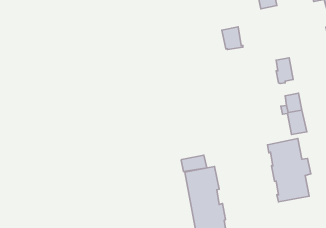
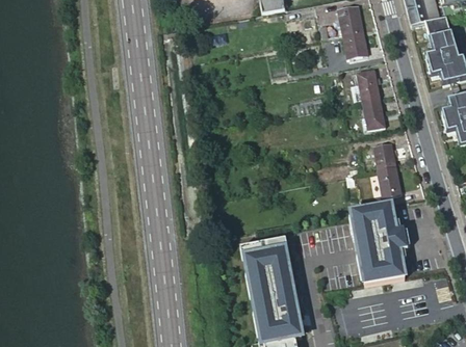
building: [222,27,243,49] -> [342,29,369,58]
building: none -> [356,69,379,100]
building: [181,155,207,172] -> none

